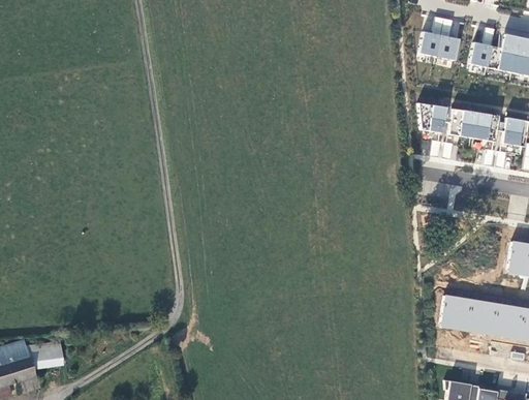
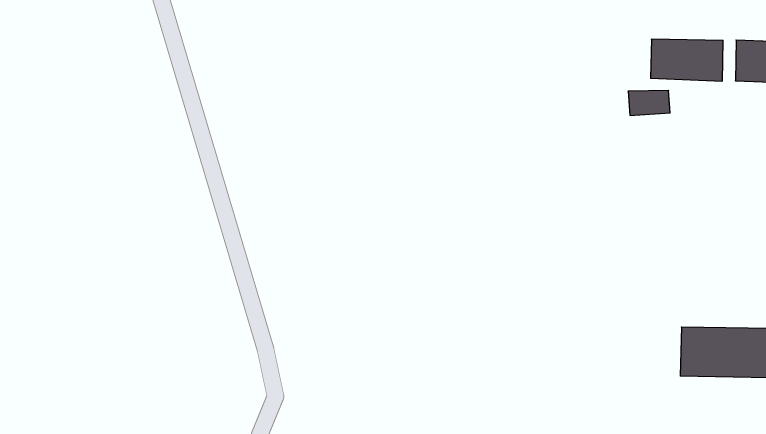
building: [417,102,444,132] -> none

